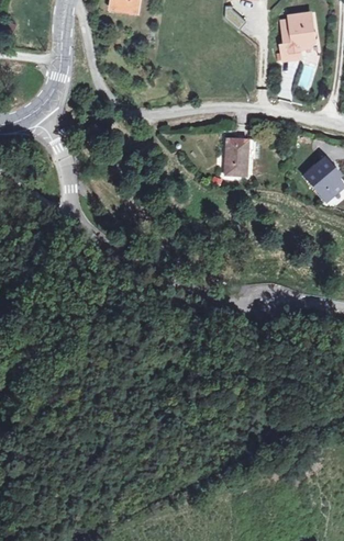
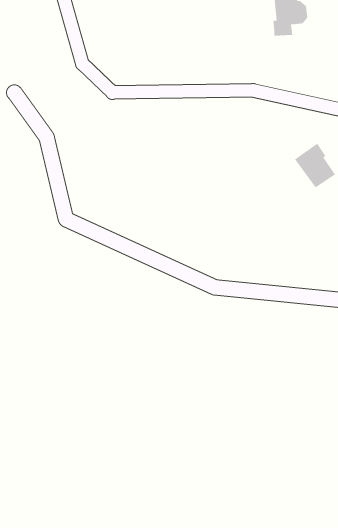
building: [225,138,248,174] -> none

